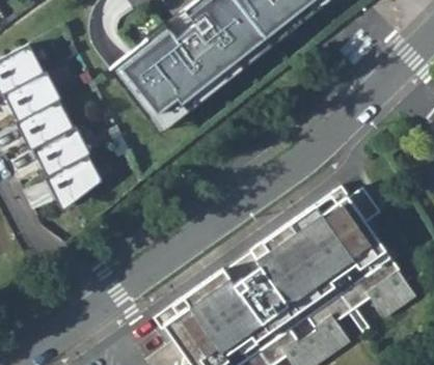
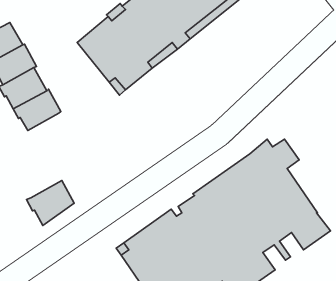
building: [47,155,104,208] -> [27,181,74,226]

